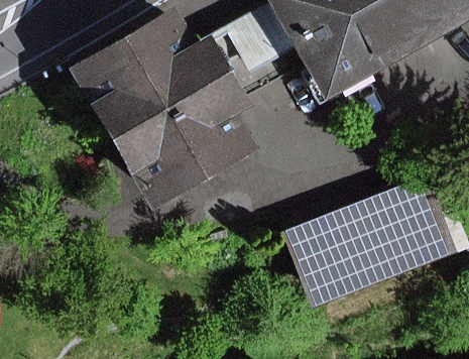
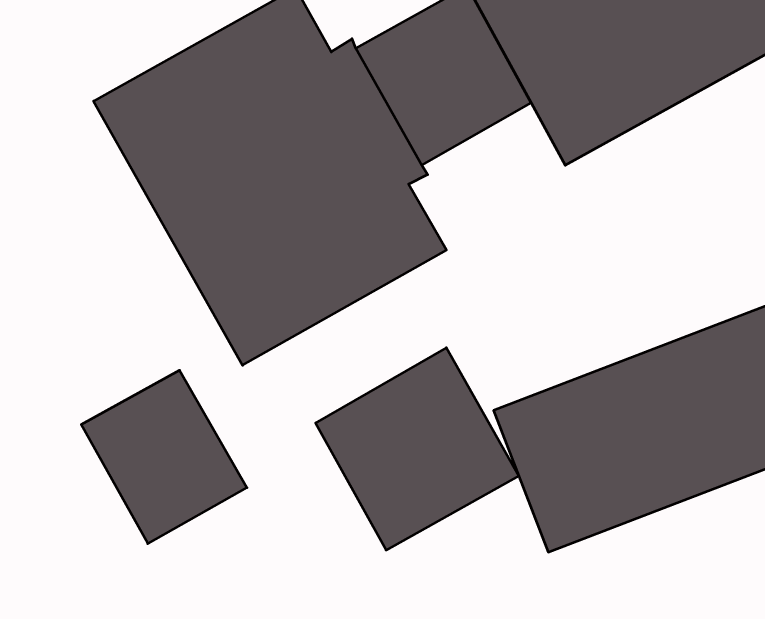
building: none -> [316,348,519,550]
building: none -> [81,370,247,544]

